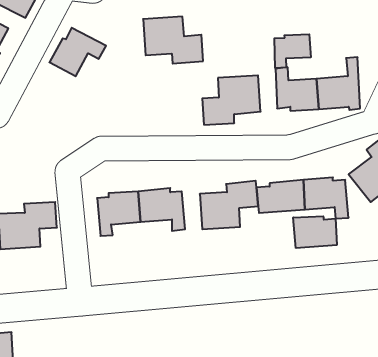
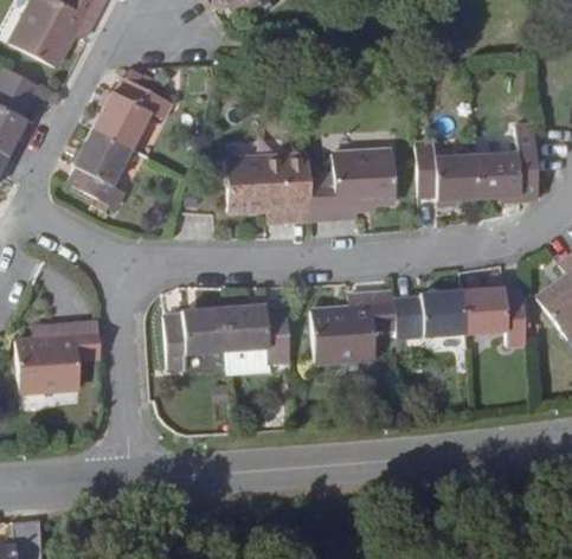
building: [143,17,203,64] -> [229,153,315,220]
building: [274,34,311,68] -> none
building: none -> [70,127,130,206]
building: [293,216,337,248] -> none

